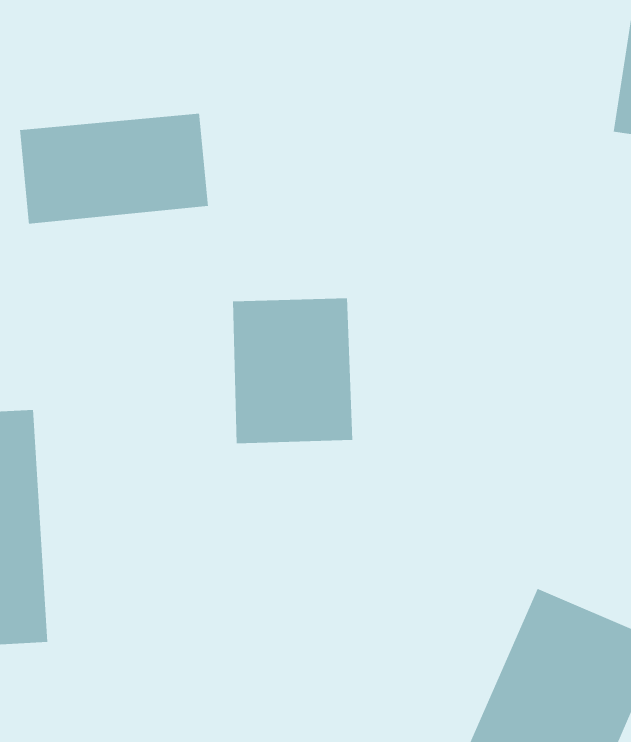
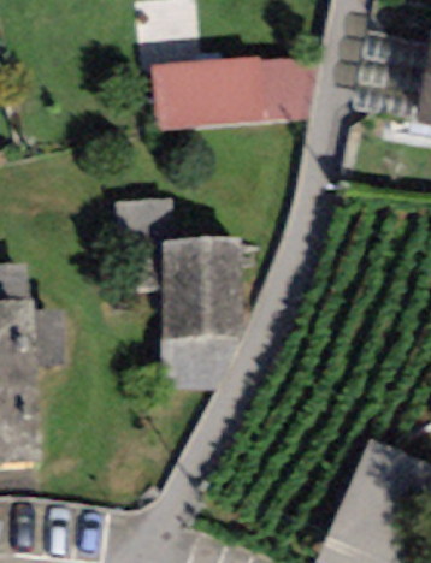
building: none -> [149,47,313,124]
building: [19,113,209,224] -> none

